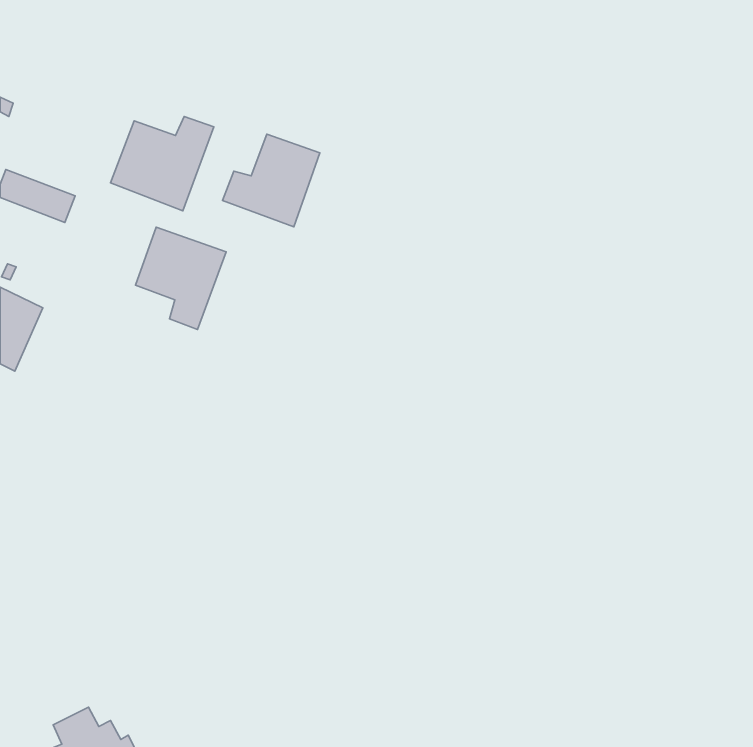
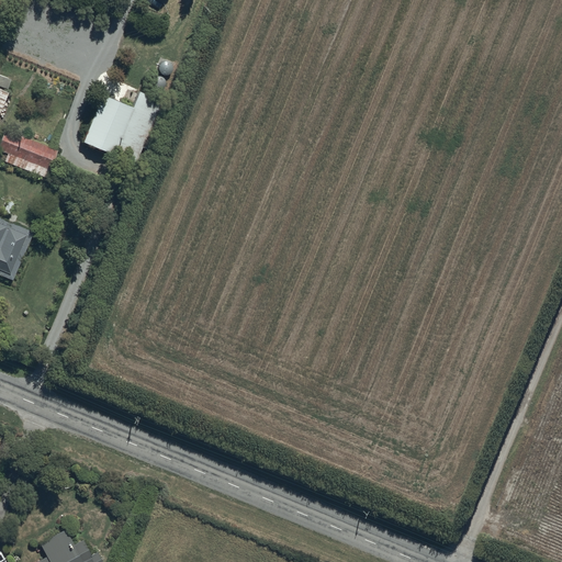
building: [223,134,320,227] -> none
building: [135,227,226,330] -> none

